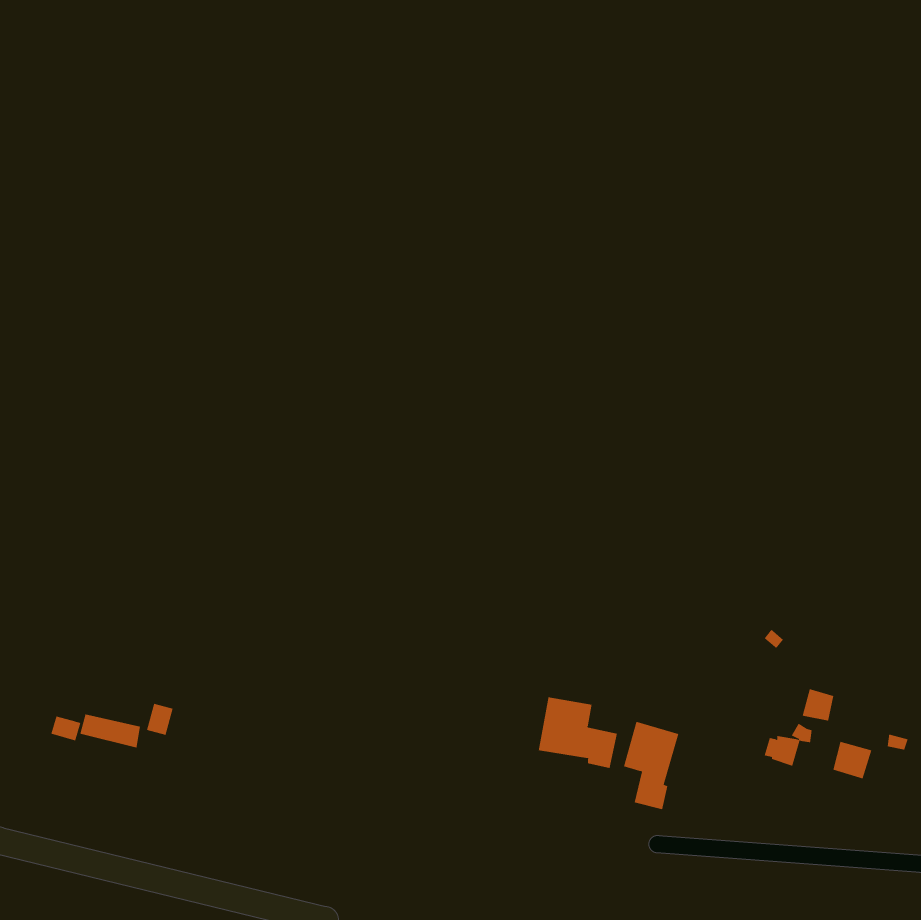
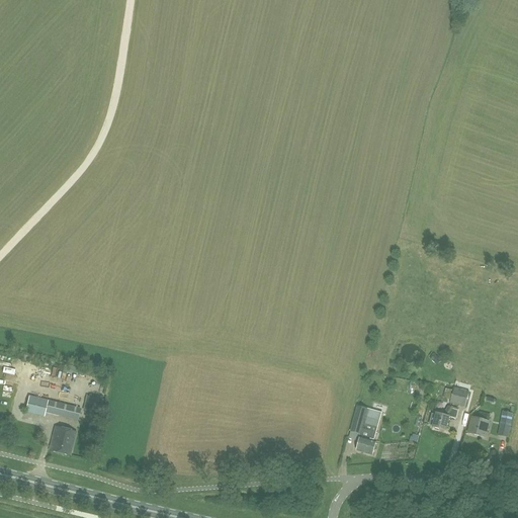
building: [538,697,617,769] -> none
building: none -> [49,425,75,454]

